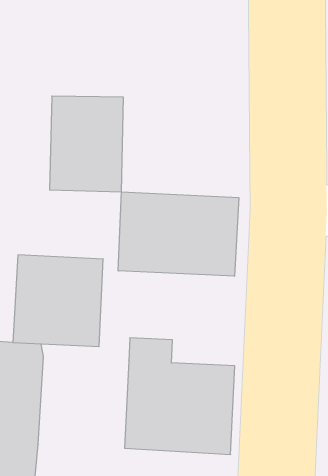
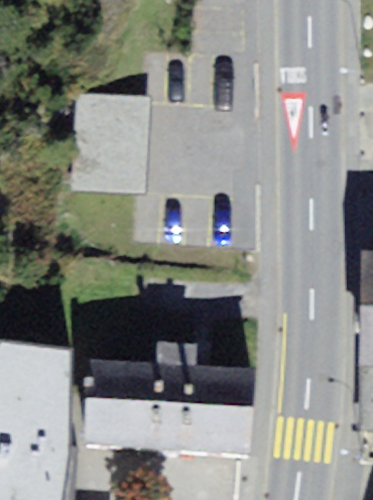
building: [118,192,239,276] -> none
building: [13,255,103,347] -> [67,359,154,448]

